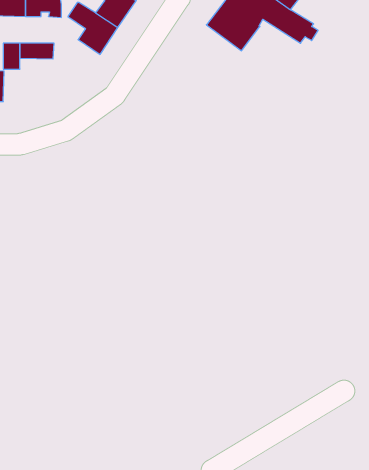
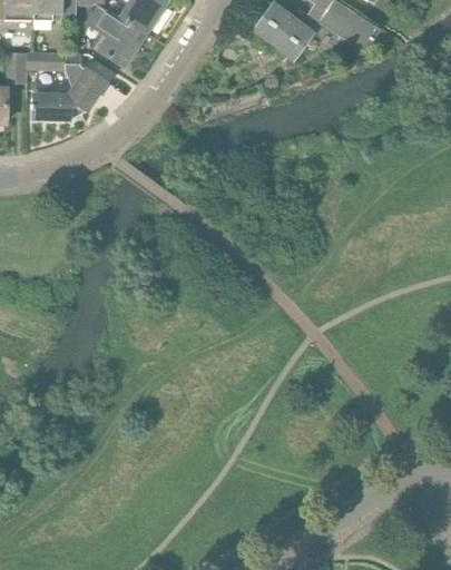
building: none -> [32,67,105,119]

